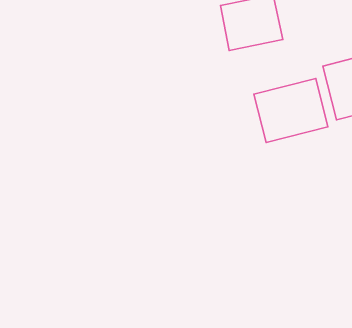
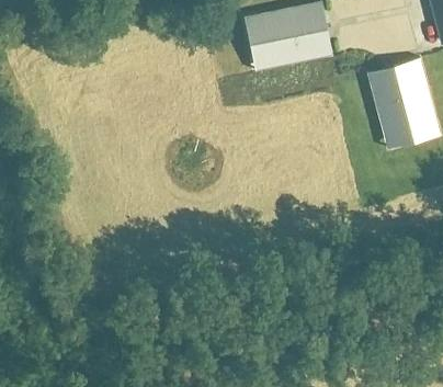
building: [254,78,328,143] -> none

